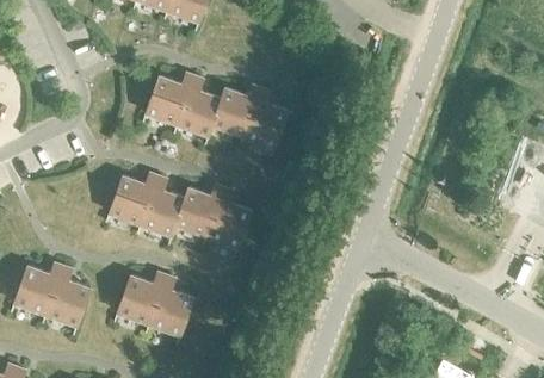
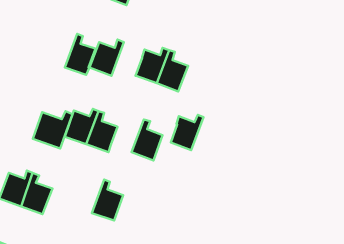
building: [177,76,221,136] -> [65,34,95,75]
building: none -> [33,111,73,148]
building: [175,185,223,236] -> [171,115,204,150]
building: [117,272,166,324] -> none

